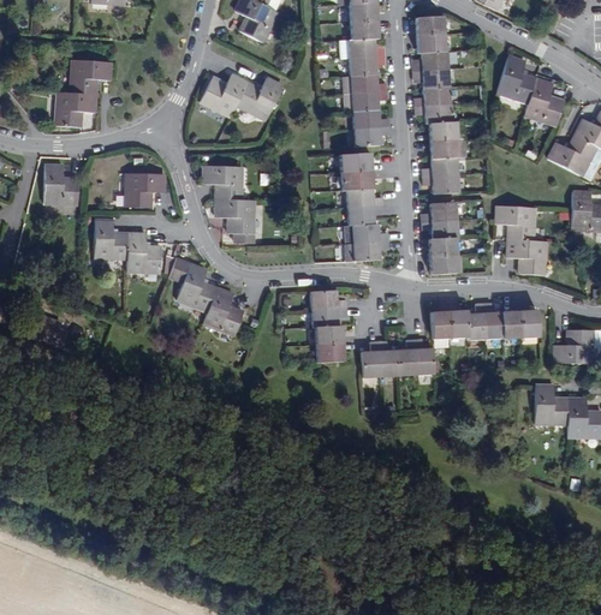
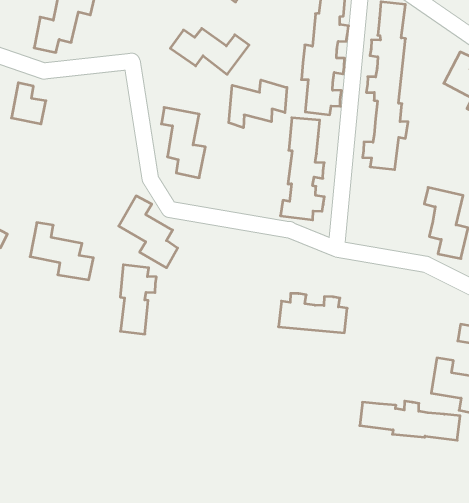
building: none -> [229,80,287,128]
building: [125,173,165,208] -> none
building: [422,202,459,275] -> none
building: [94,220,161,271] -> [30,223,93,280]
building: [310,291,349,363] -> [120,265,156,334]
building: [432,303,538,340] -> [360,401,460,440]

